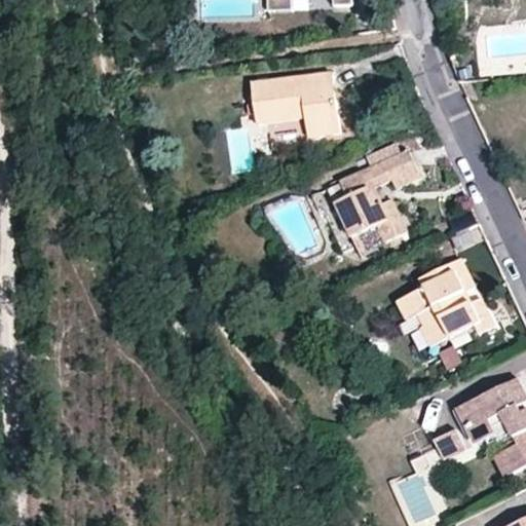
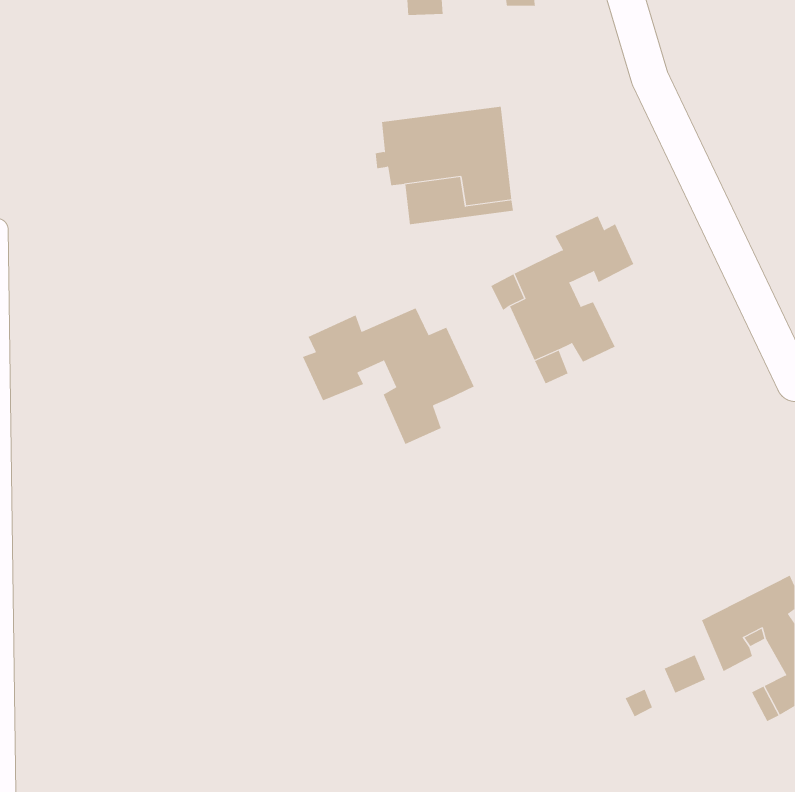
building: none -> [302,307,474,445]
building: [397,257,493,345] -> none

